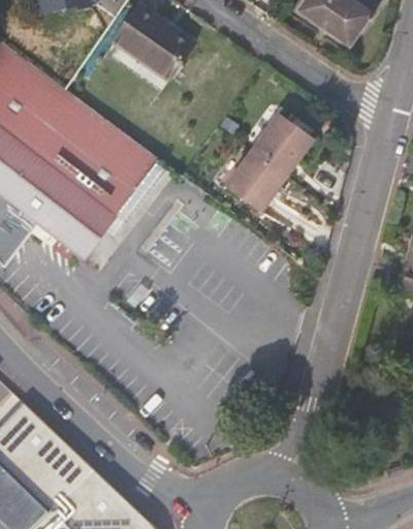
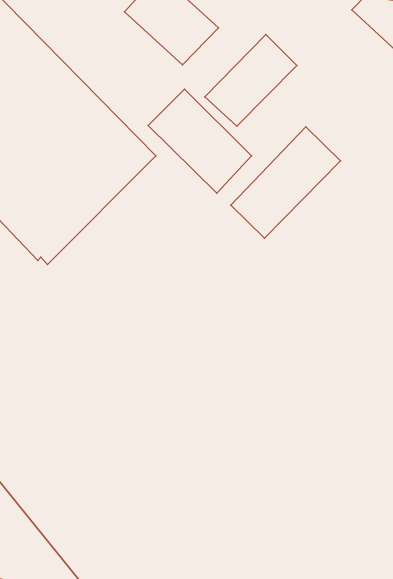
building: none -> [205,35,297,126]
building: none -> [148,89,252,193]

